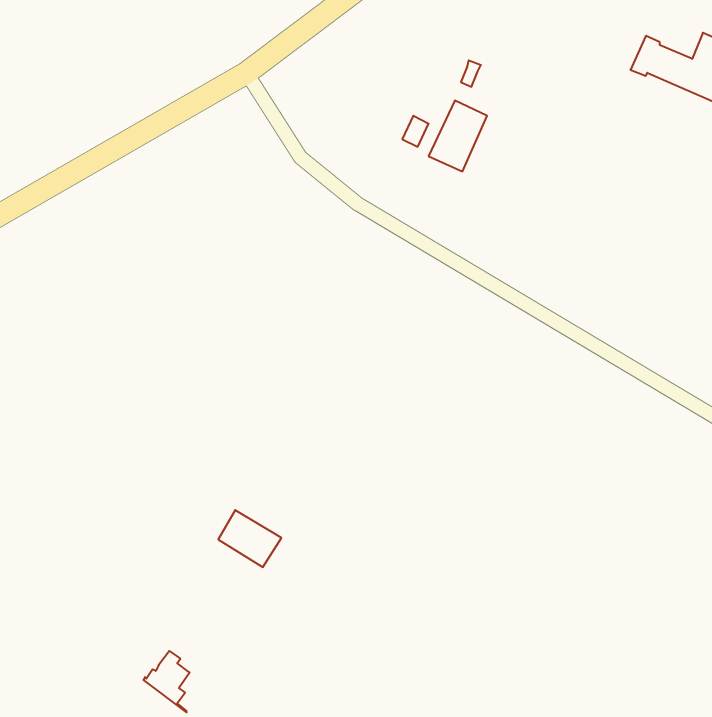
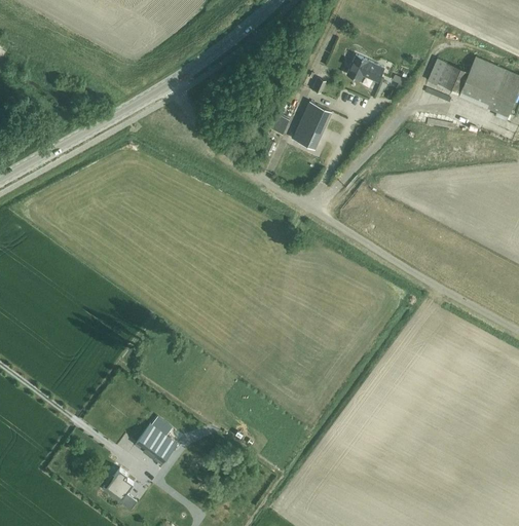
building: none -> [345,57,382,83]
building: [218,510,281,567] -> [138,421,180,459]

